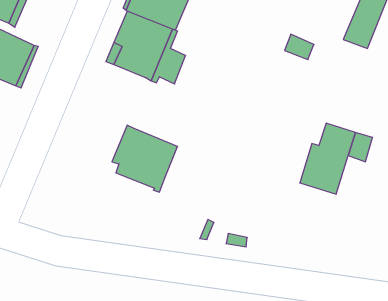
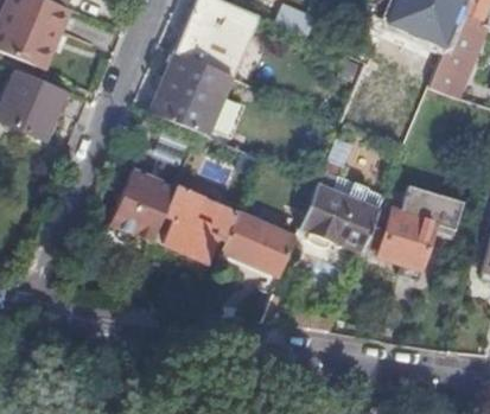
building: none -> [300,166,386,251]
building: none -> [103,168,176,257]
building: none -> [219,211,295,274]

